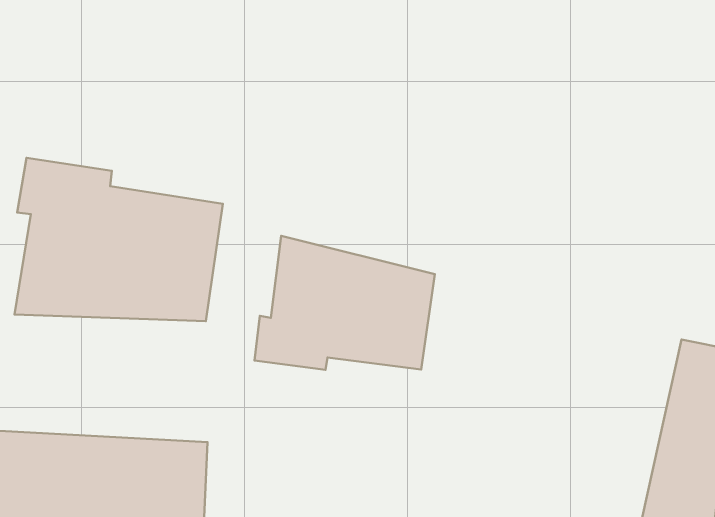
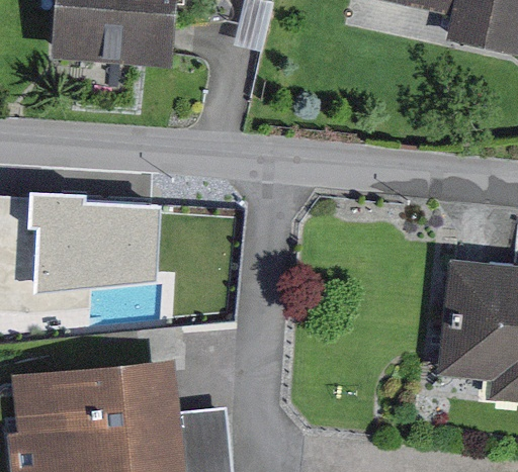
building: [255,236,435,370] -> none

